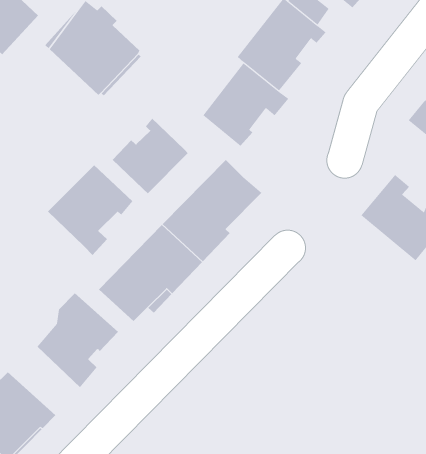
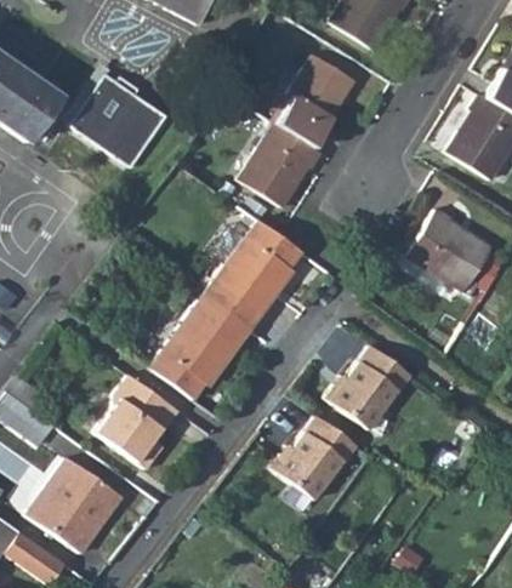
building: [112,118,188,194] -> none
building: [47,164,133,256] -> none
building: none -> [330,343,416,428]
building: none -> [278,415,365,499]

